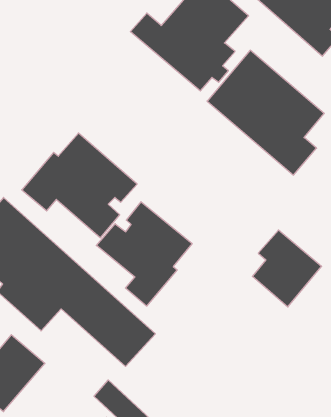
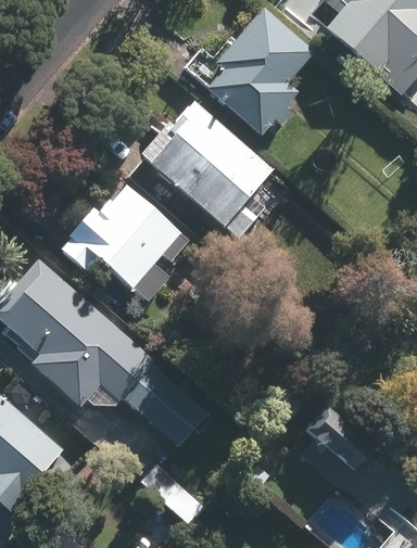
building: [207,50,324,175] -> [141,97,274,238]
building: [96,202,192,306] -> none
building: [252,230,322,307] -> [296,403,375,489]

